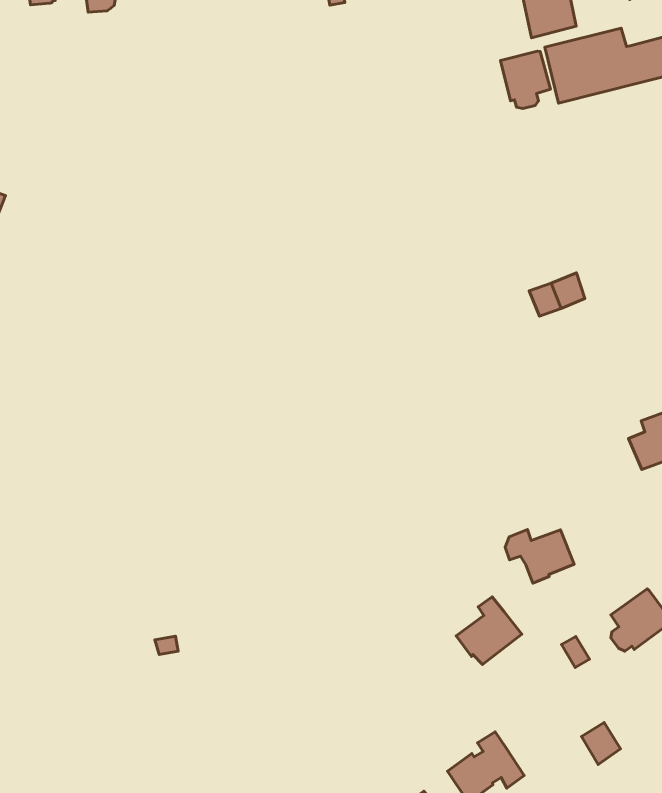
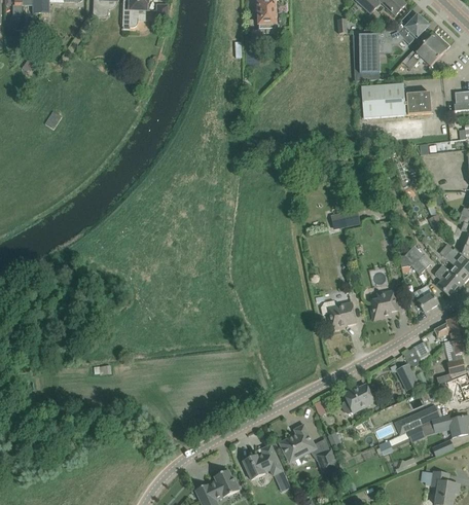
building: [500,51,550,109] -> none
building: [505,530,574,583] -> [321,299,356,328]
building: [456,597,522,664] -> [281,425,316,460]

